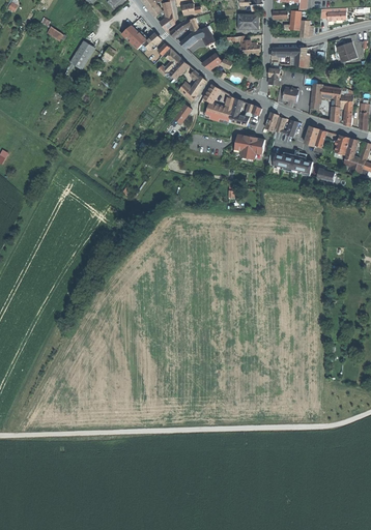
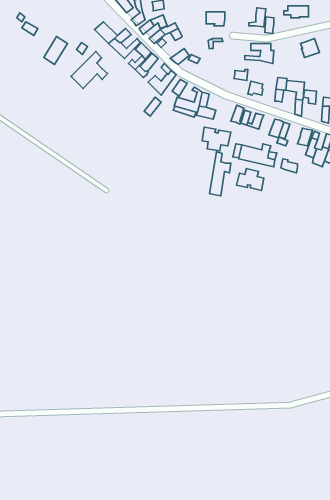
building: none -> [71,51,108,89]
building: none -> [210,152,231,196]
building: none -> [236,169,264,190]

